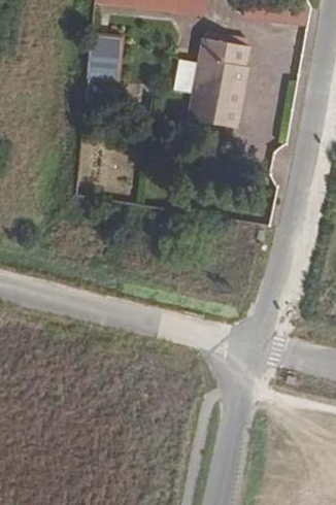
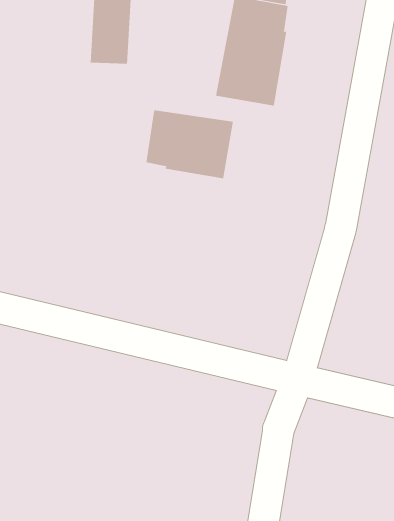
building: none -> [146,110,233,179]

